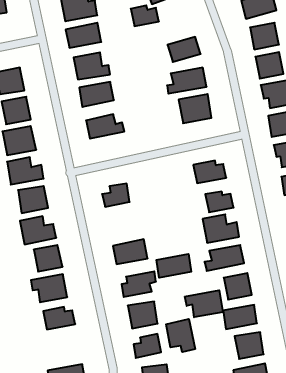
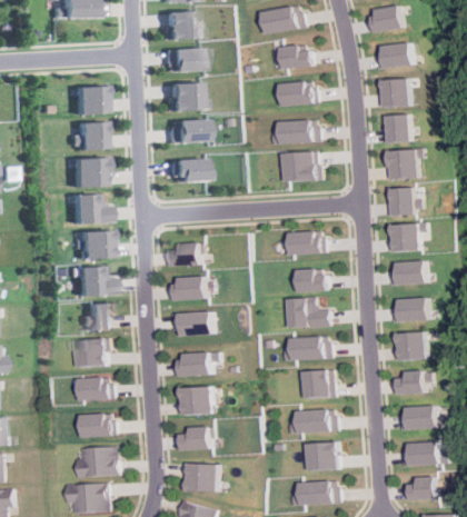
building: [131,5,159,26] -> [279,46,310,68]
building: none -> [175,278,209,299]
building: [156,254,191,278] -> none
building: [185,290,223,317] -> none
building: [166,319,195,352] -> none
building: none -> [83,412,120,437]

